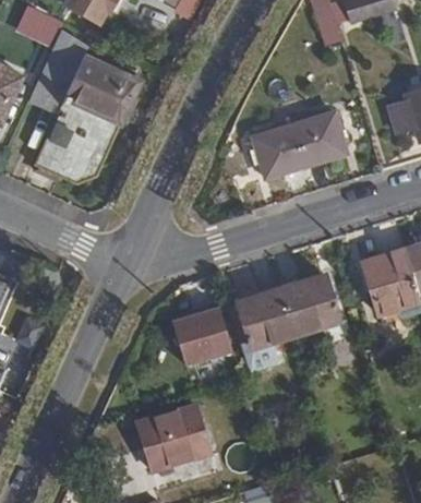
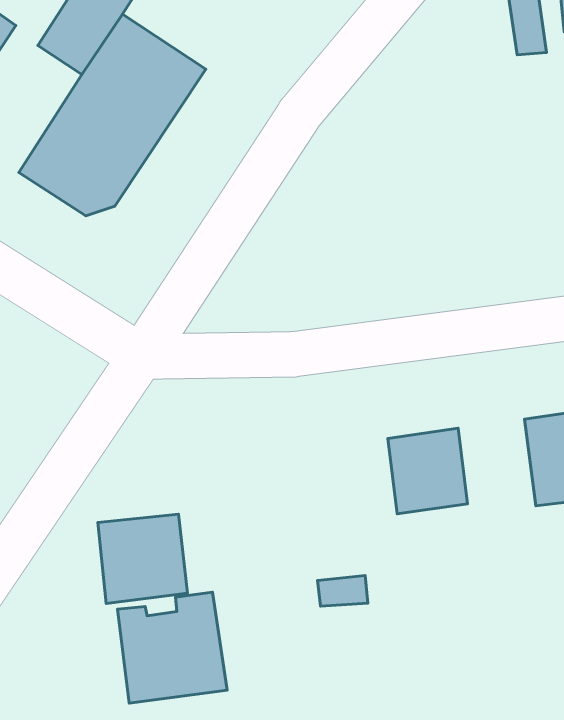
building: [252,111,348,177] -> none
building: [241,287,297,346] -> none
building: [170,306,231,367] -> [98,514,187,603]

